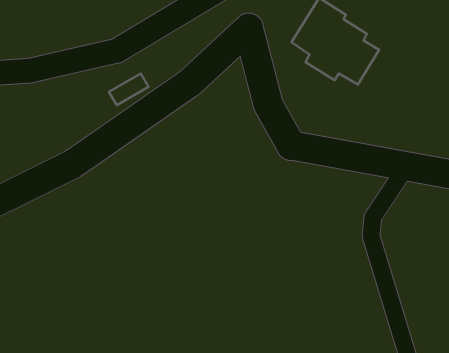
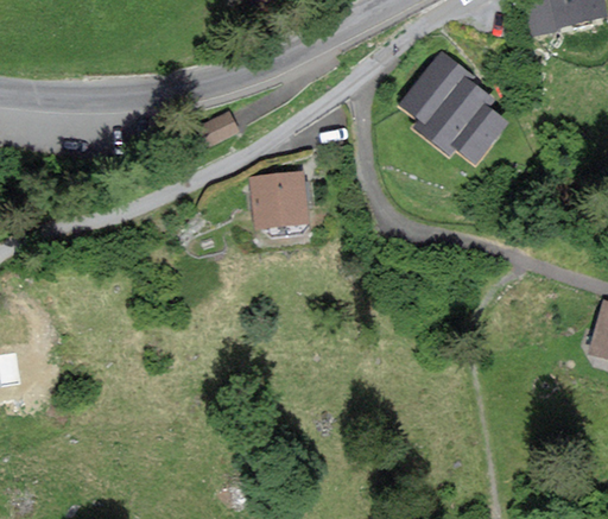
building: none -> [254,172,310,224]

